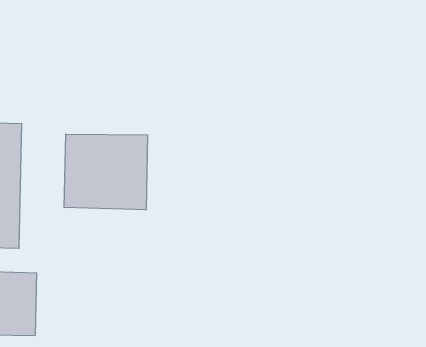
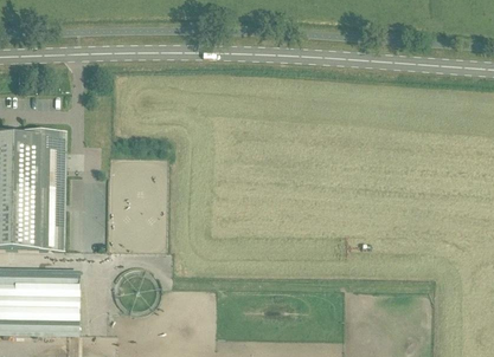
building: [64,134,148,210] -> none

